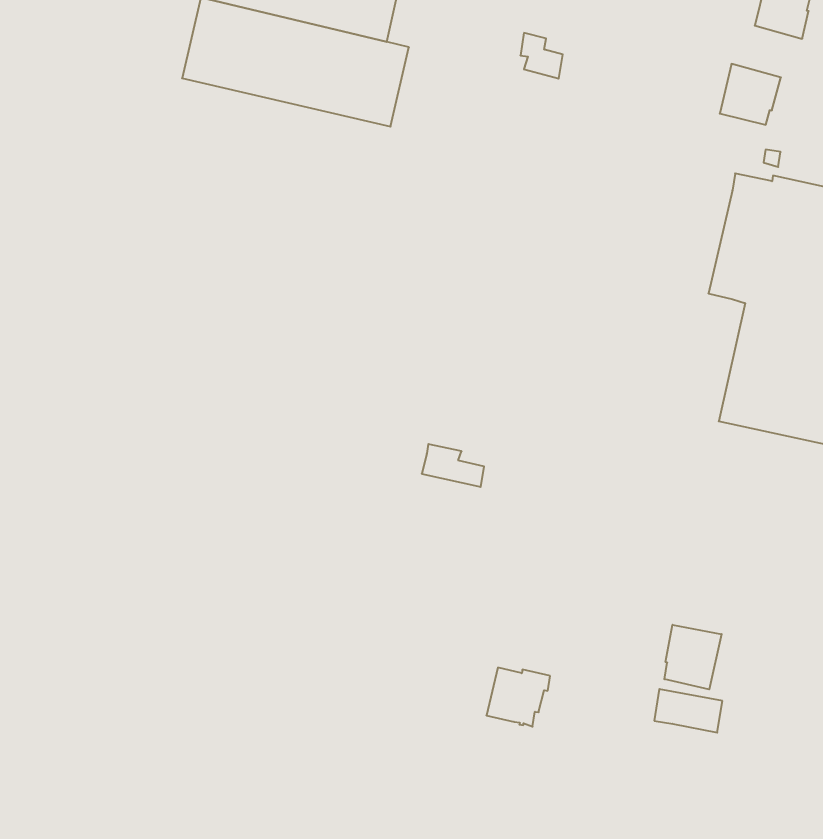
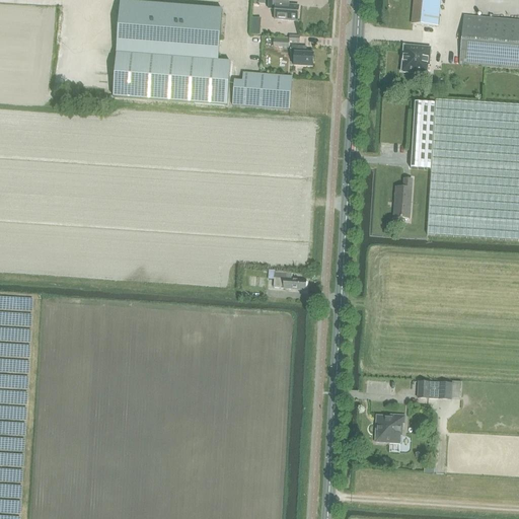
building: none -> [231,70,292,106]
building: none -> [394,176,412,214]
building: [664,625,722,689] -> none
building: [486,668,550,727] -> [375,412,405,441]

